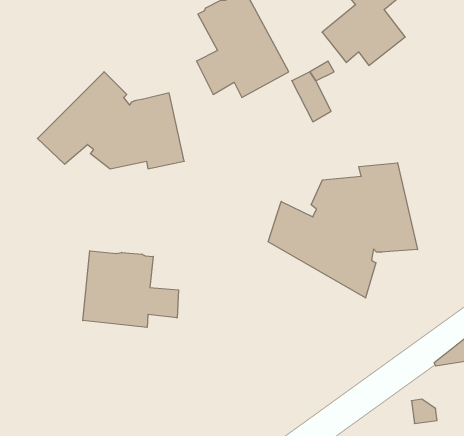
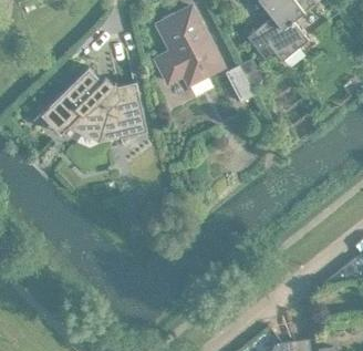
building: [268,163,417,298] -> none
building: [83,251,179,327] -> none

